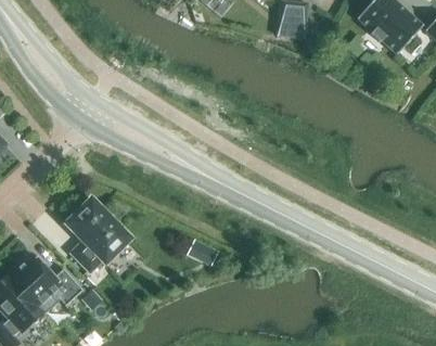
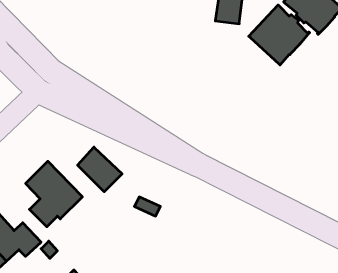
building: none -> [249,5,310,65]
building: none -> [78,147,122,192]

